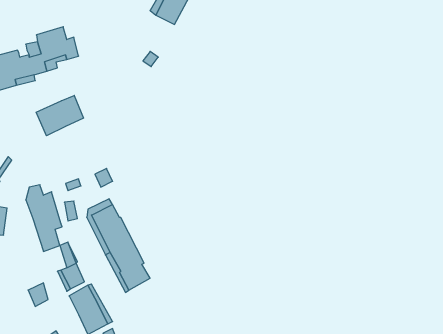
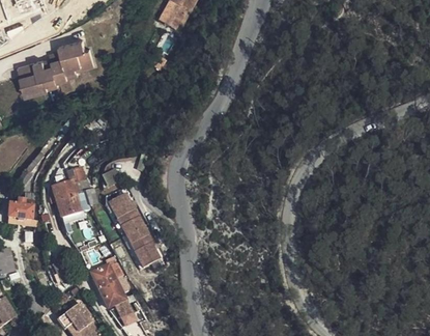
building: [36,95,84,136] -> none

